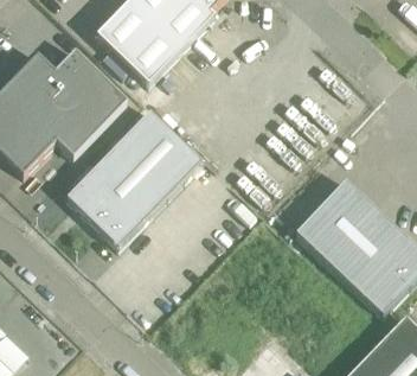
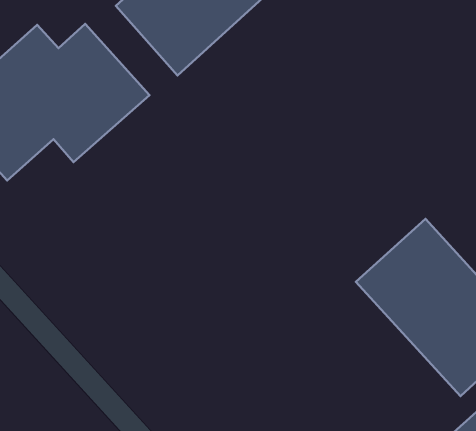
building: [63,113,199,249] -> none

